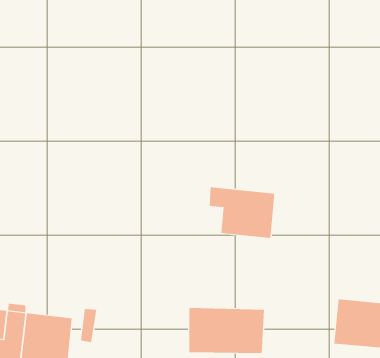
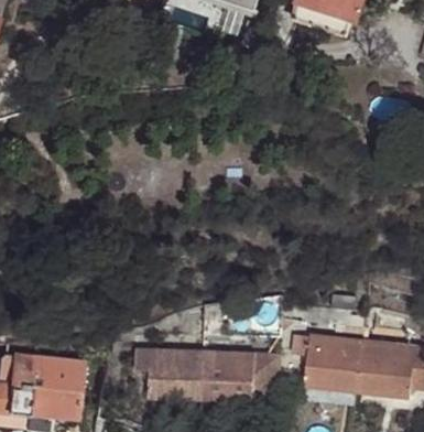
building: [209,187,275,238] -> [286,335,355,388]
building: none -> [134,348,202,397]

